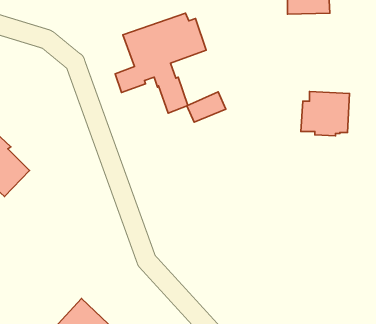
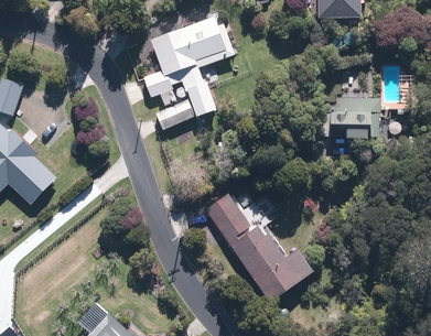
building: [187,92,226,122] -> [154,98,194,129]
building: none -> [204,193,313,303]

